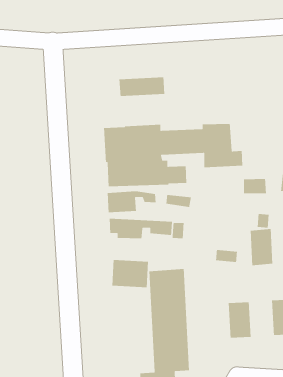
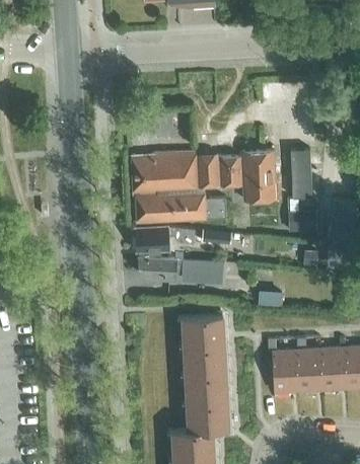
building: [119,77,165,97] -> none
building: none -> [290,149,310,198]
building: [250,228,273,266] -> [295,349,321,391]
building: [111,259,149,288] -> none

